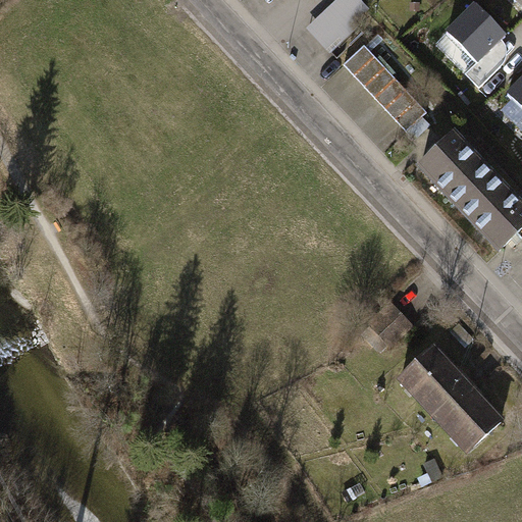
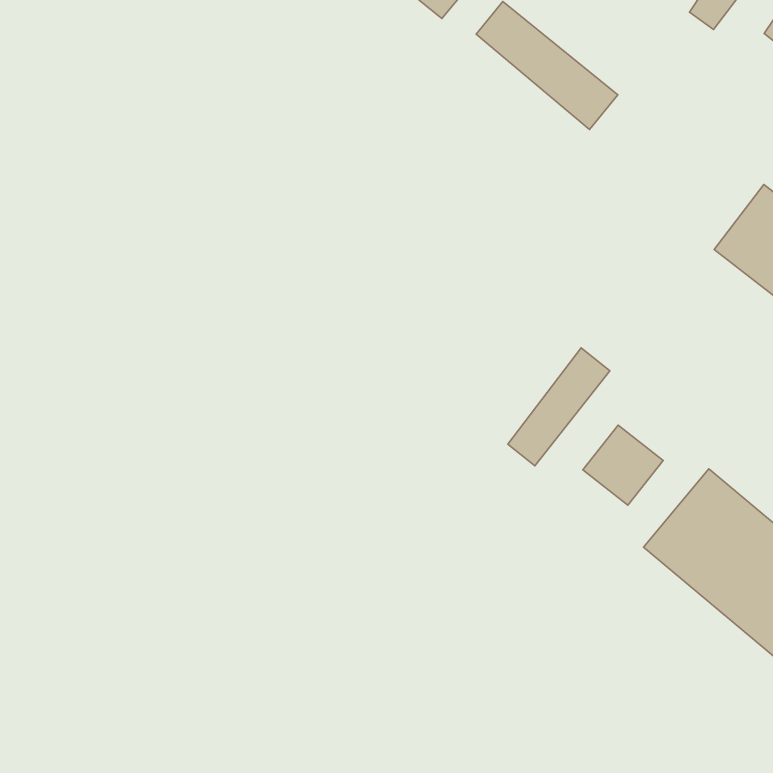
building: [419,132,497,210] -> none
building: none -> [508,348,610,466]

